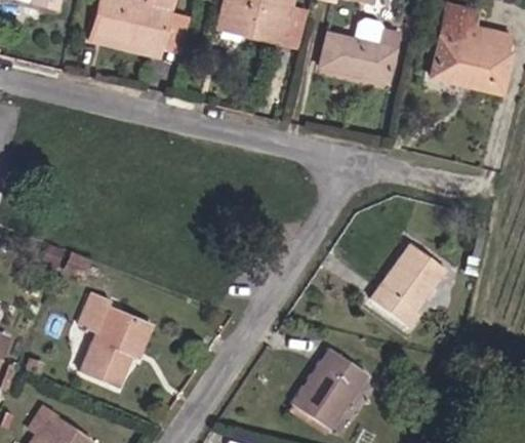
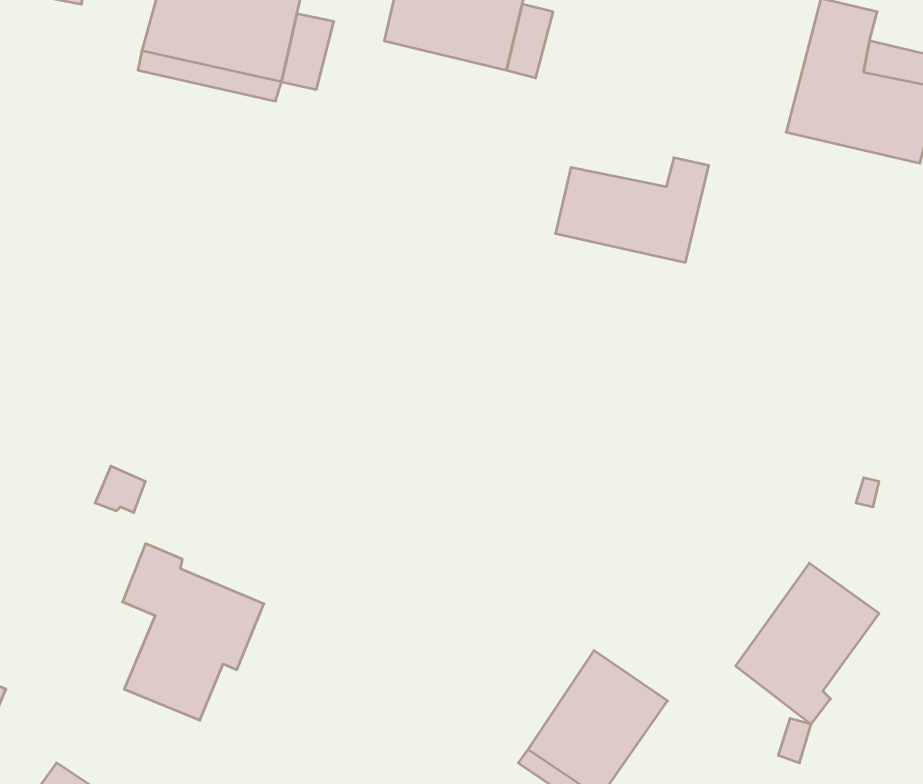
building: [319,28,400,83] -> [555,158,709,262]
building: [370,243,446,328] -> [736,563,879,724]

